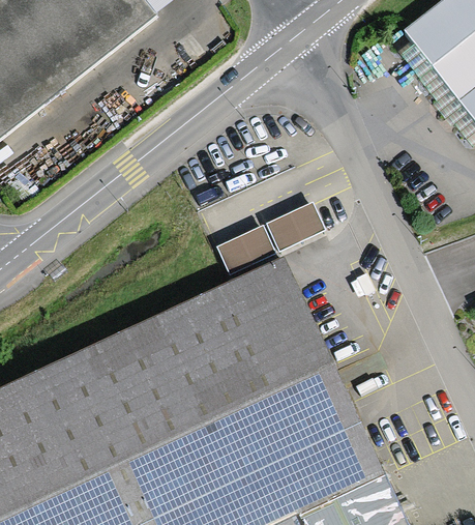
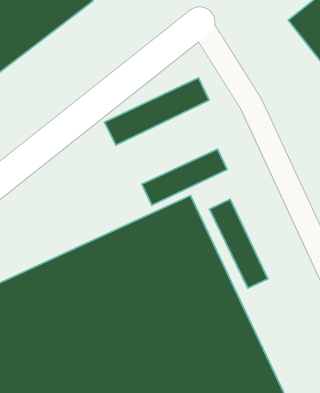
building: none -> [105,78,209,145]
building: none -> [210,199,268,288]

